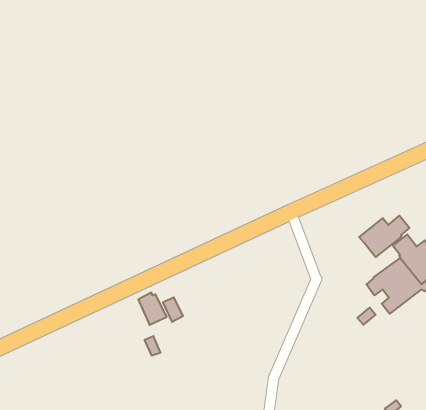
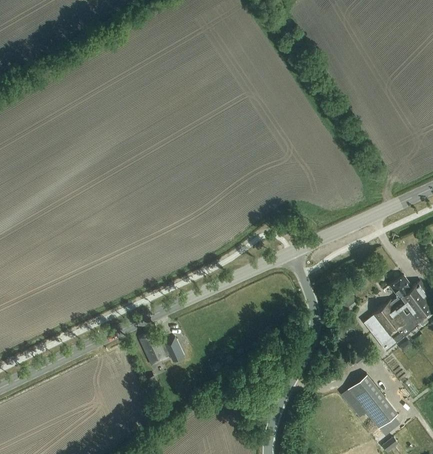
building: [359,216,409,257] -> none
building: none -> [345,374,395,428]

